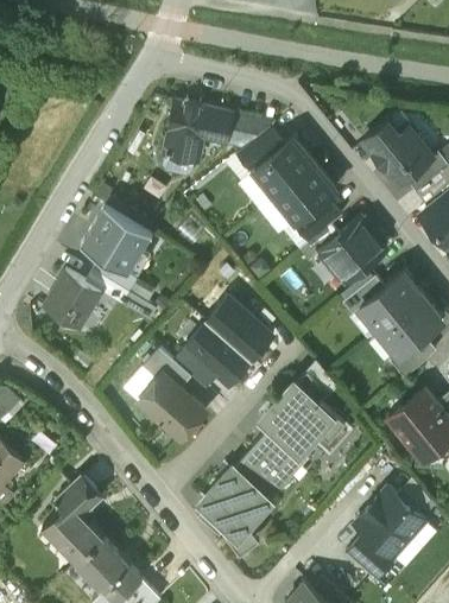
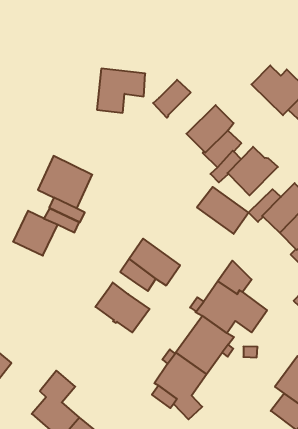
building: [226,116,273,148] -> none
building: [254,139,315,197] -> none
building: [207,299,271,361] -> [197,187,248,234]
building: [143,349,191,391] -> none

